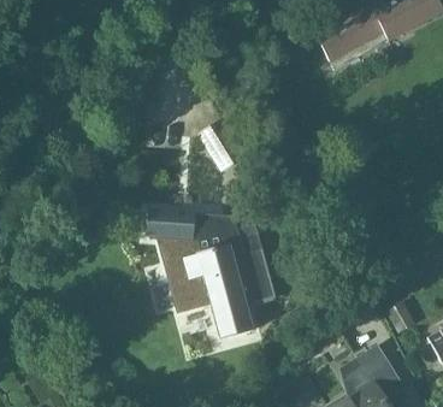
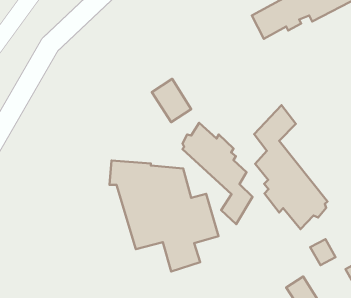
building: none -> [254,105,328,229]
building: none -> [182,123,253,224]

